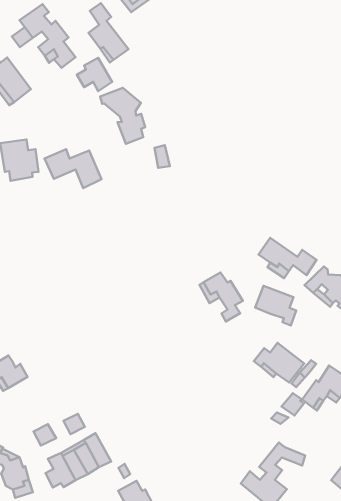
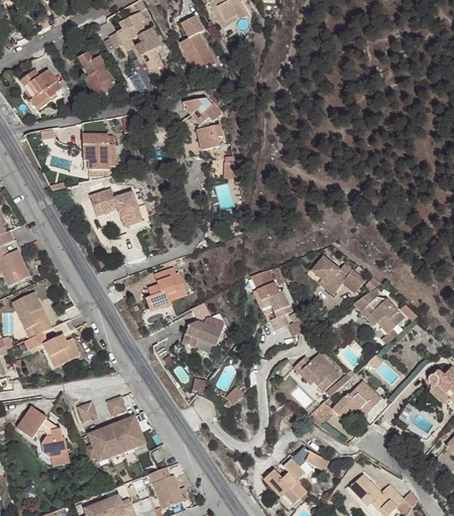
building: [77,58,112,91] -> none
building: [45,149,102,188] -> [89,184,139,223]
building: none -> [146,267,188,308]
building: [255,286,296,325] -> none
building: none -> [181,313,224,352]

